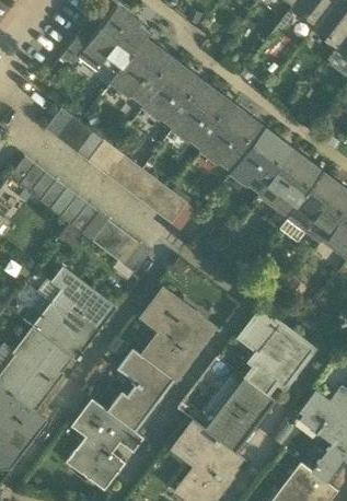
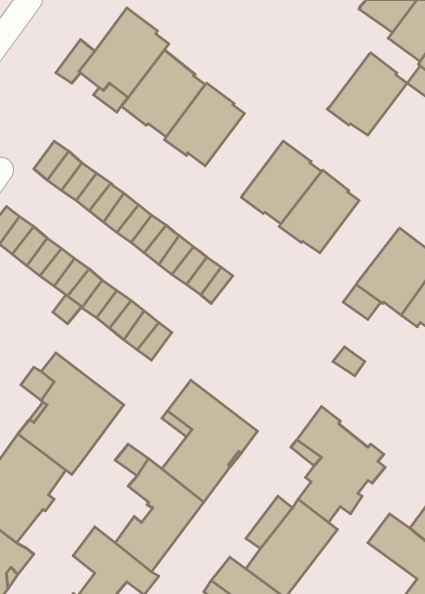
building: [173,86,233,149] -> [327,53,407,135]
building: [261,152,321,214] -> none

